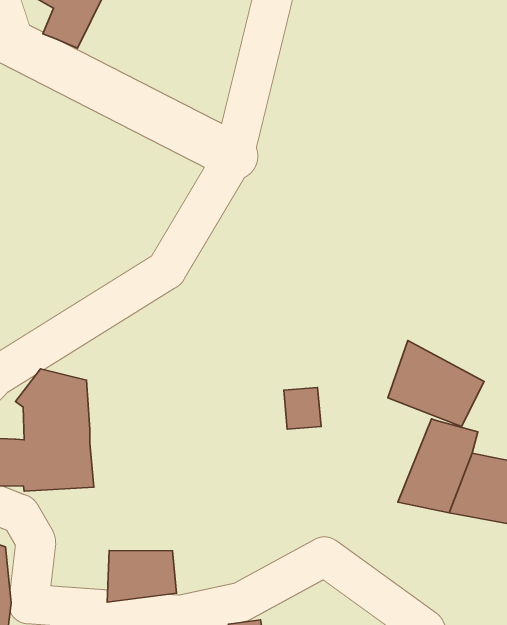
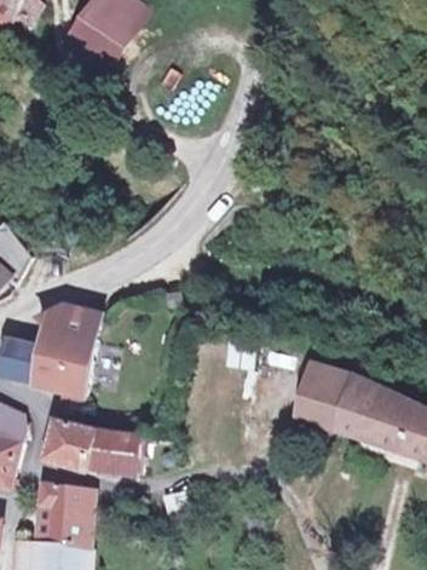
building: [388,340,484,426] -> none
building: none -> [44,421,92,465]

